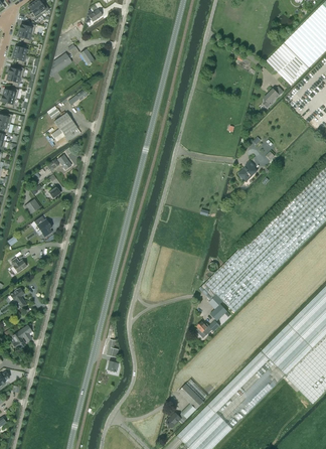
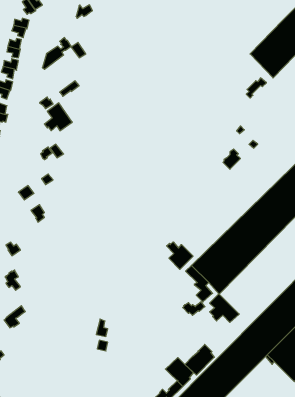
building: none -> [167,242,193,269]
building: none -> [210,294,239,322]
building: none -> [185,344,214,375]

